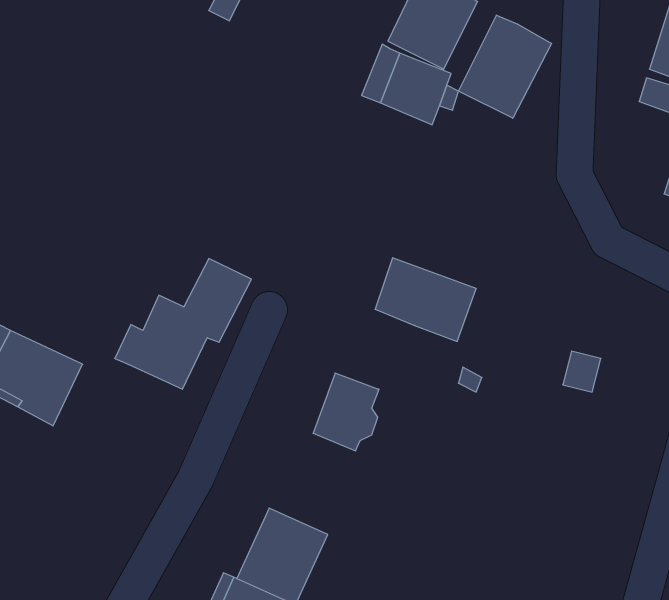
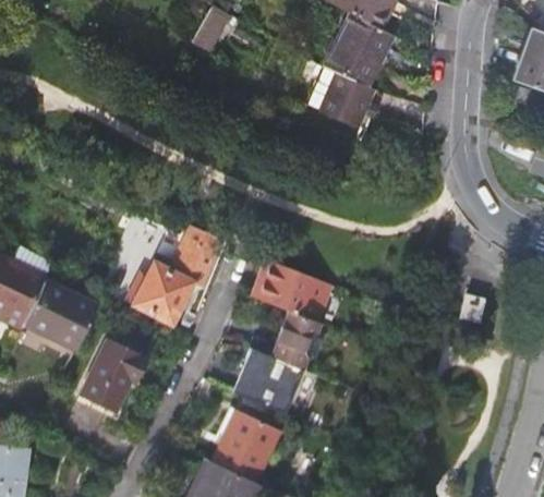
building: [458,15,552,118] -> none
building: [375,258,476,341] -> [257,262,333,324]
building: none -> [82,338,149,411]
building: none -> [233,349,302,414]

